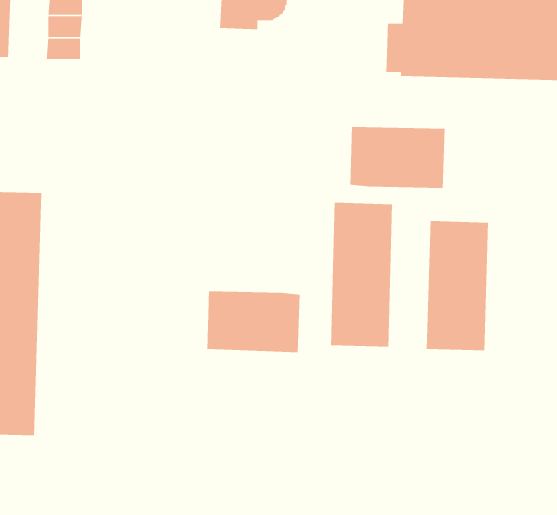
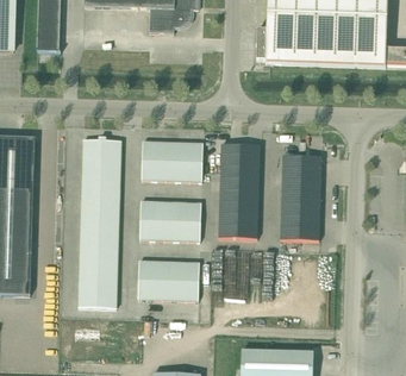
building: [349,126,445,189] -> [142,139,204,180]
building: none -> [79,134,121,306]
building: none -> [138,258,200,299]

